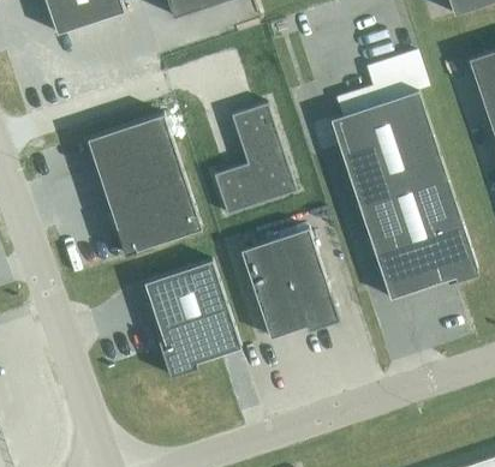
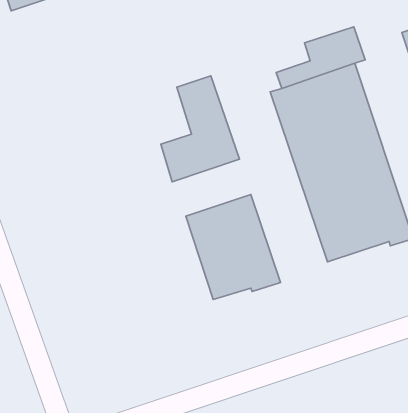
building: [87,114,202,255] -> none
building: [143,261,241,377] -> none

